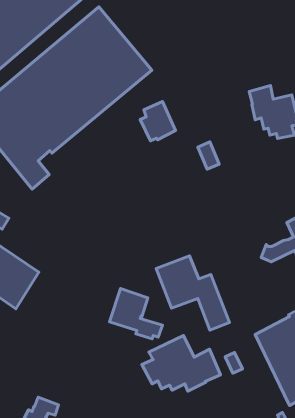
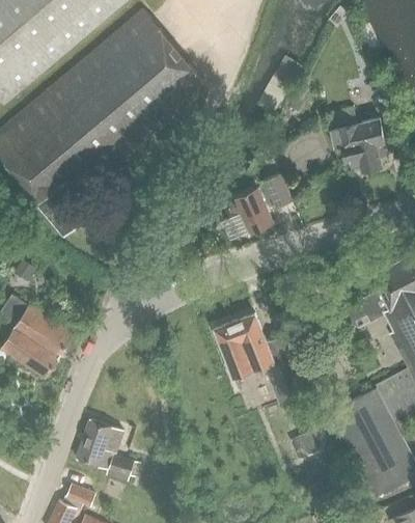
building: [140,101,175,141] -> [229,188,272,236]
building: [109,288,162,339] -> [75,418,139,479]
building: [142,335,220,391] -> none

